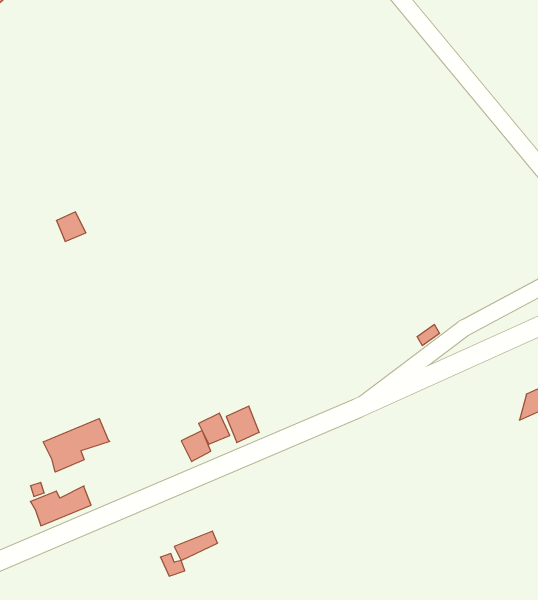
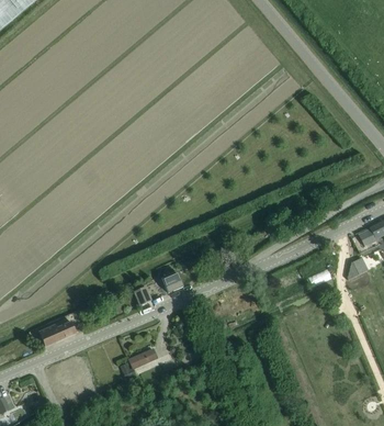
building: [43,419,110,472] -> none

